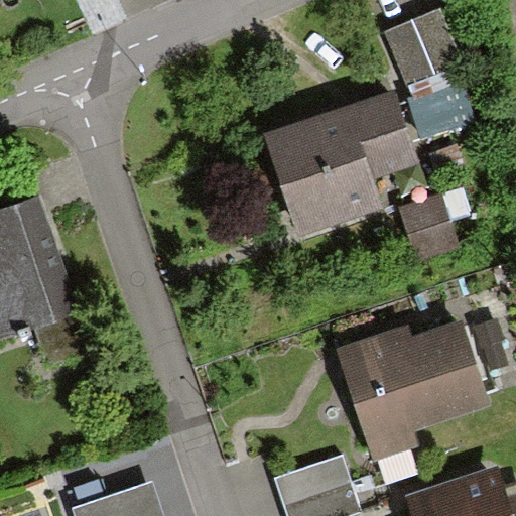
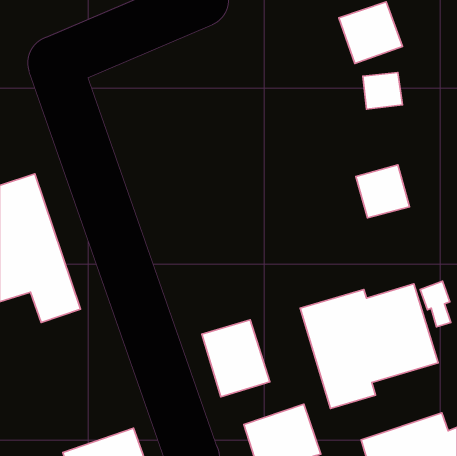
building: [271,85,406,214] -> none
building: none -> [202,320,270,397]

